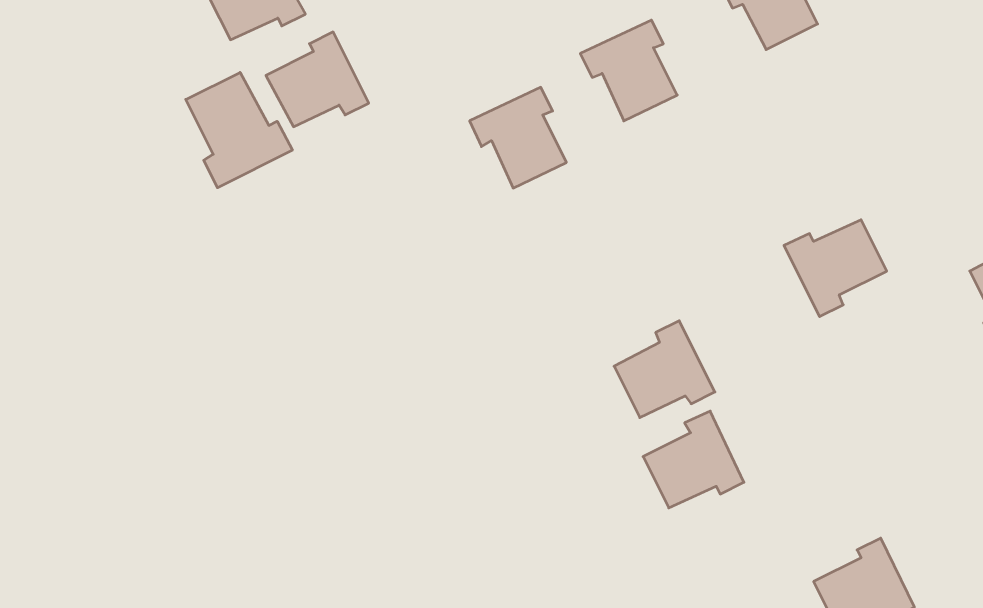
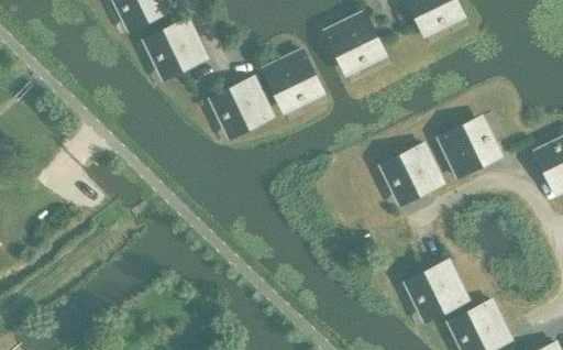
building: [186,72,292,188] -> none
building: none -> [216,78,272,132]
building: [614,321,715,418] -> [386,144,442,198]
building: [643,411,744,508] -> [410,261,466,315]

